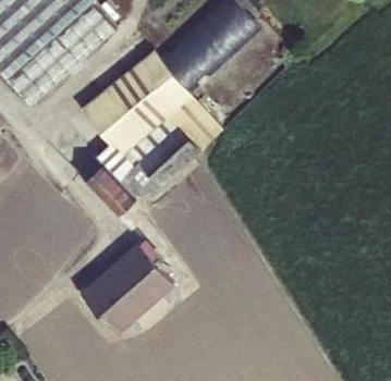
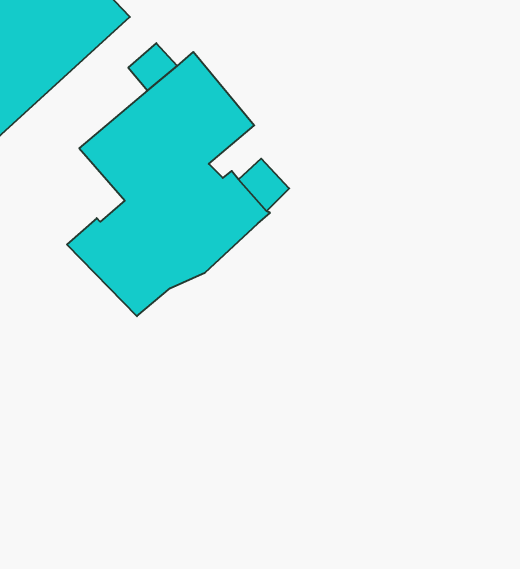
building: [84,242,174,330] -> none

